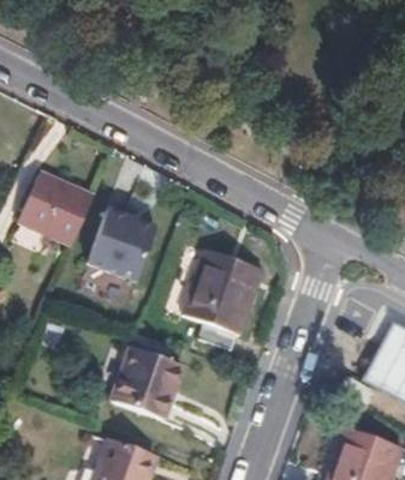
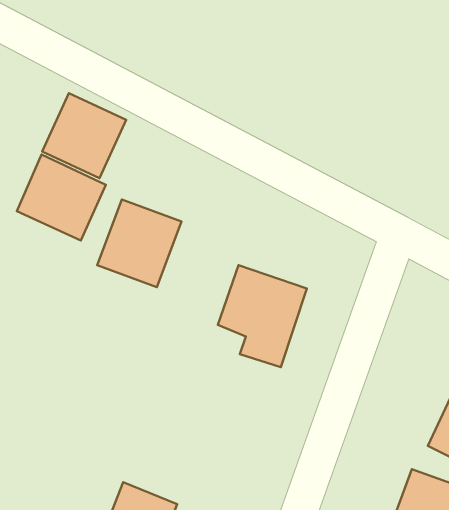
building: none -> [42,93,126,178]
building: [111,344,181,418] -> none

